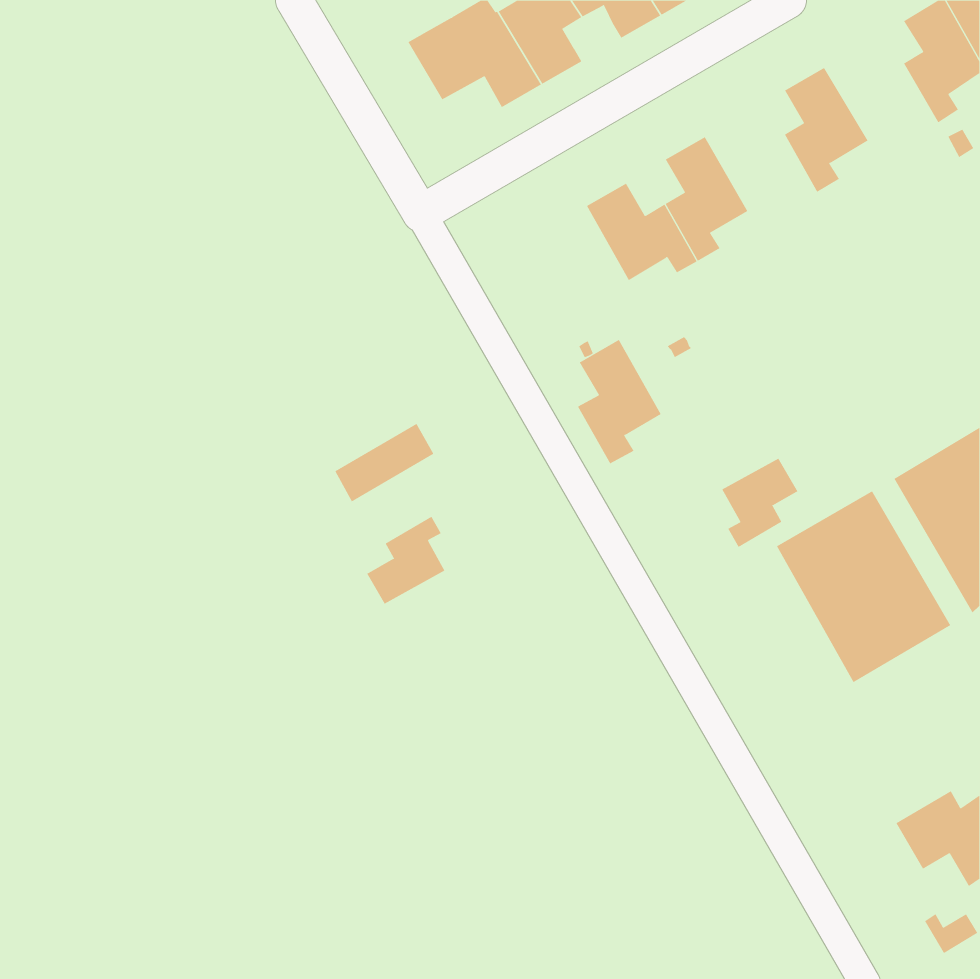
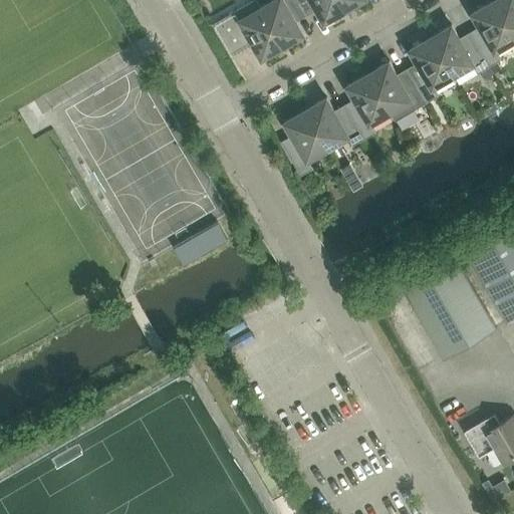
building: none -> [431,24,490,75]
building: none -> [368,61,427,120]
building: [577,339,662,464] -> [284,109,328,175]
building: [721,458,798,548] -> none
building: [366,516,445,604] -> none

